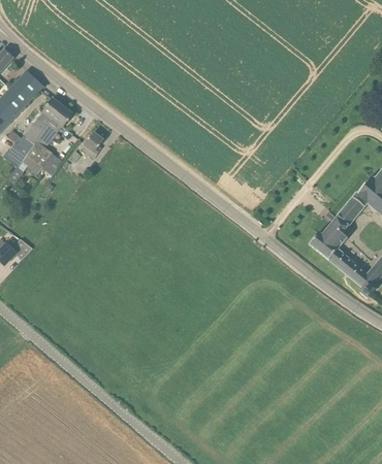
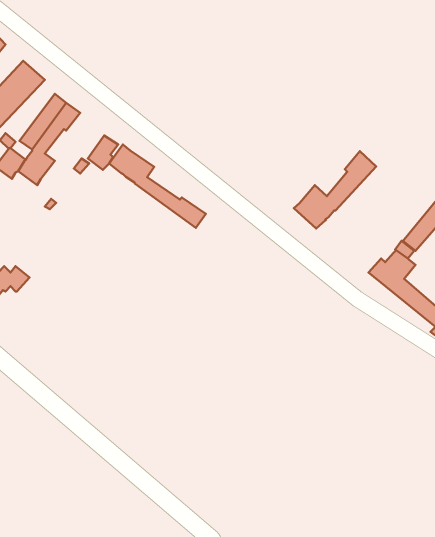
building: none -> [109,144,206,228]
building: none -> [294,151,376,229]

